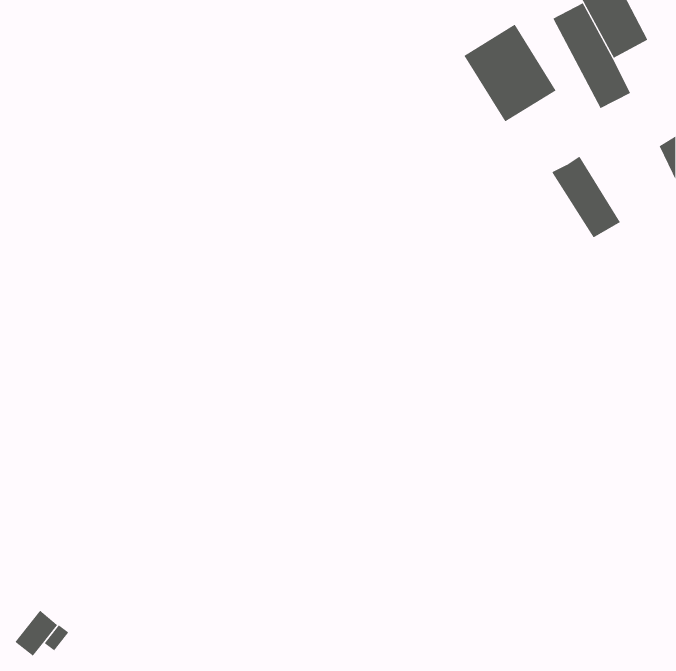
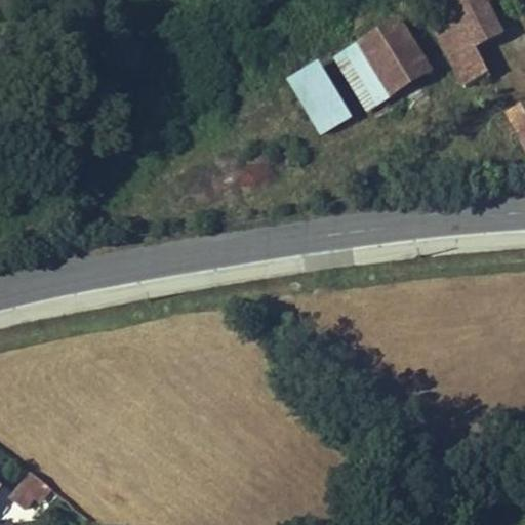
building: none -> [292,66,352,132]
building: [552,156,621,238] -> [336,43,390,107]

